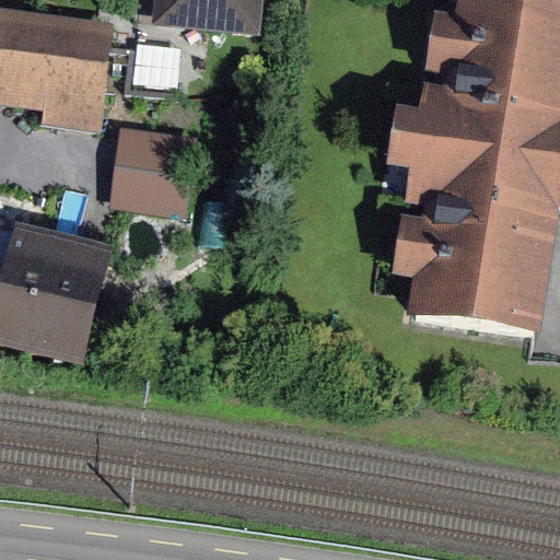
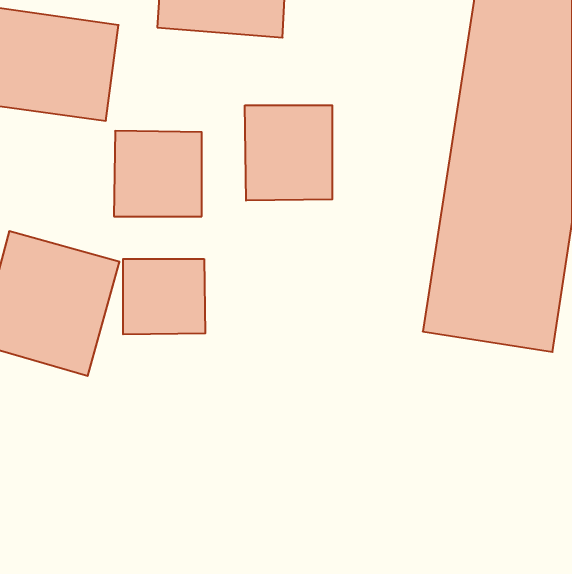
building: none -> [245,105,332,201]
building: none -> [123,259,205,334]

